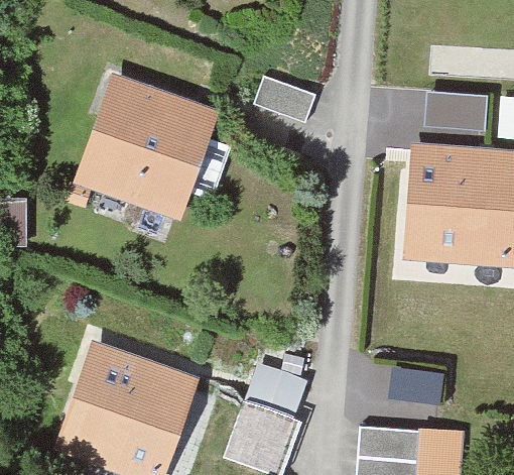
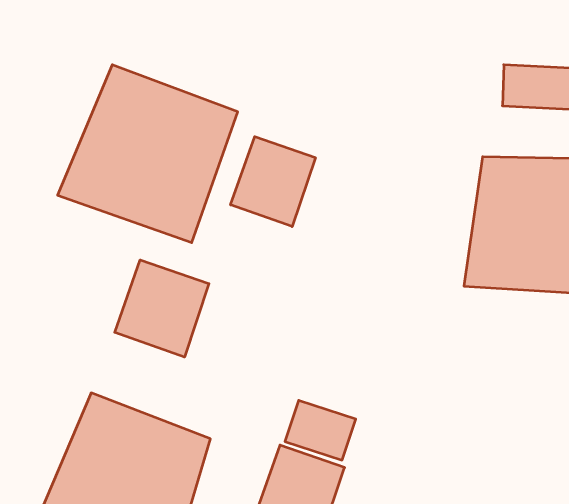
building: none -> [231,137,315,227]
building: none -> [115,260,209,357]

